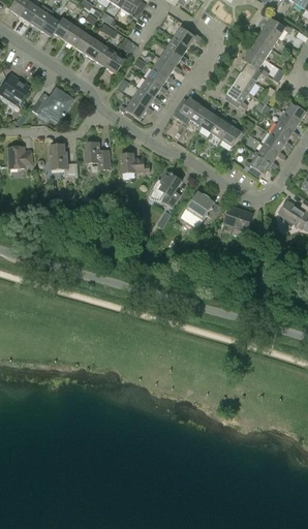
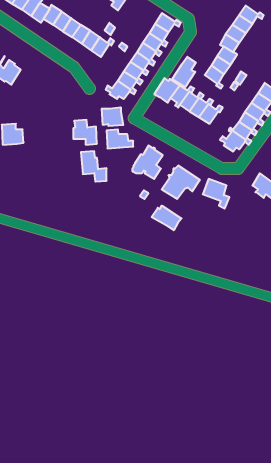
building: none -> [172,57,196,87]
building: [30,86,72,122] -> none
building: none -> [102,107,123,126]
building: [49,144,76,177] -> [81,151,107,182]
building: none -> [152,206,182,230]

